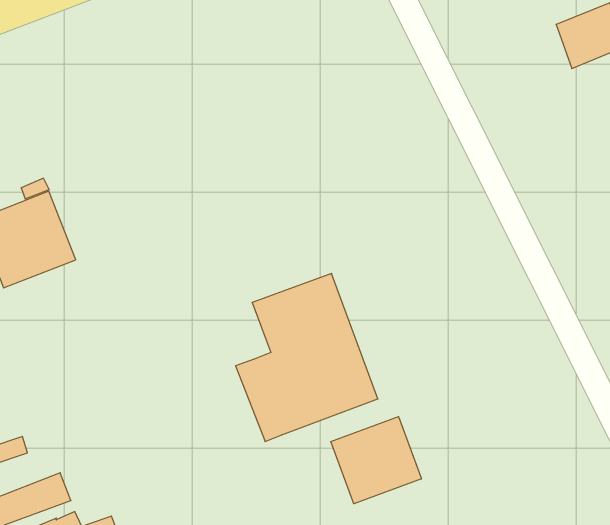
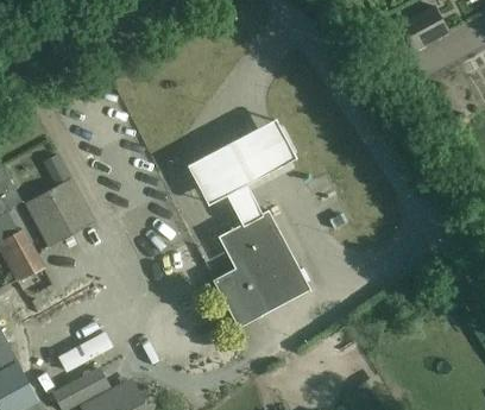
building: none -> [188,120,298,229]
building: [331,417,421,504] -> none

